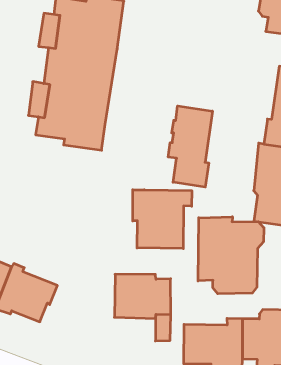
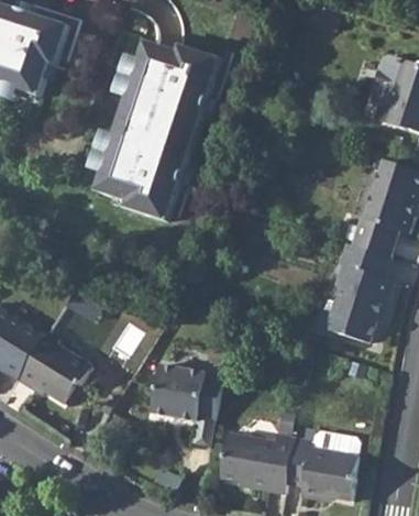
building: [168,106,212,187] -> none
building: [133,190,192,249] -> none
building: [198,217,264,294] -> none

